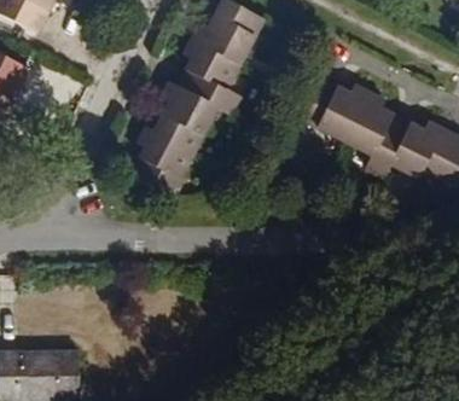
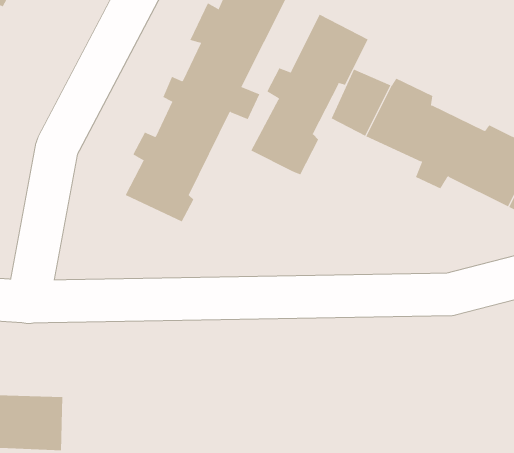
building: none -> [250,14,368,175]

